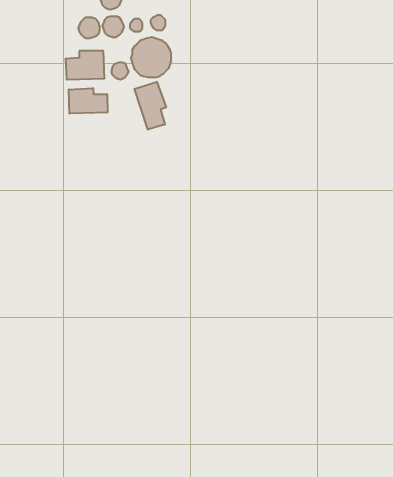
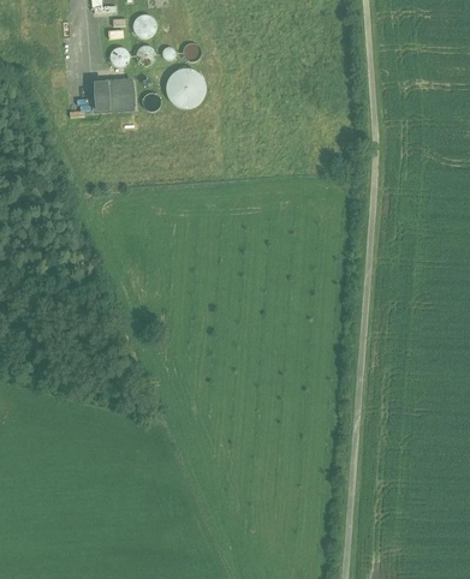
building: [134,82,166,130] -> none
building: [69,88,107,114] -> none

